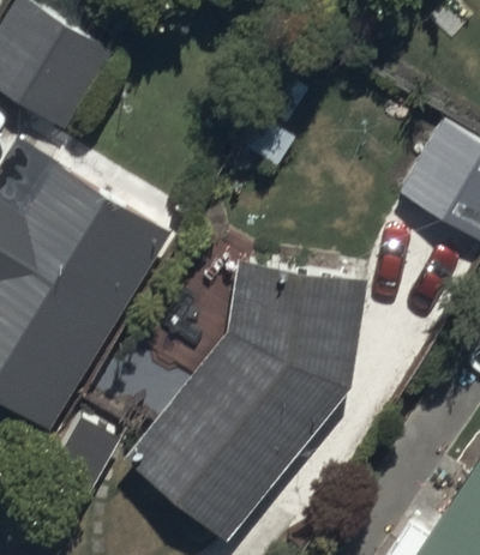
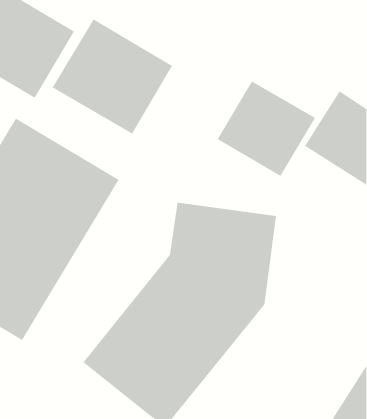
building: none -> [52,18,173,134]
building: none -> [217,80,316,177]

